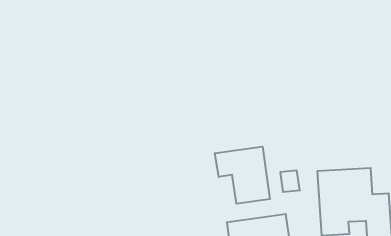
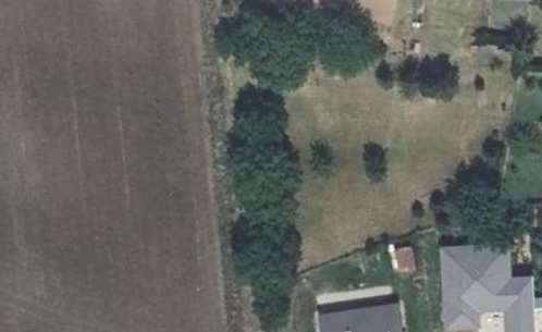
building: [215,147,270,204] -> none

